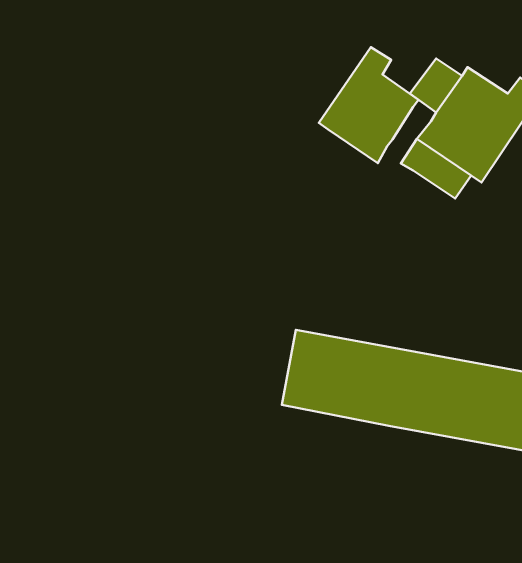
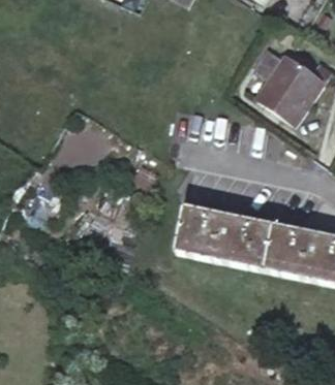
building: [319,47,419,163] -> none

